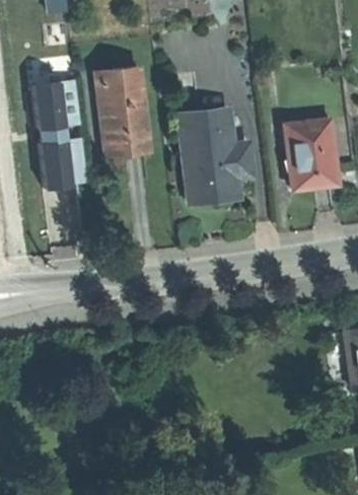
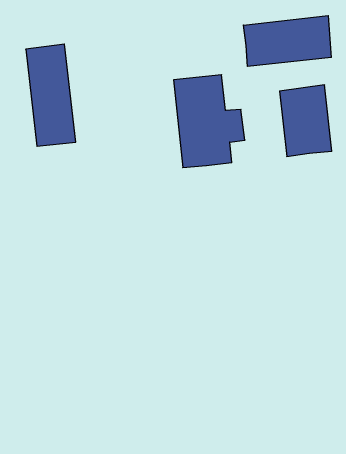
building: none -> [243,16,331,66]
building: [97,71,151,157] -> none

